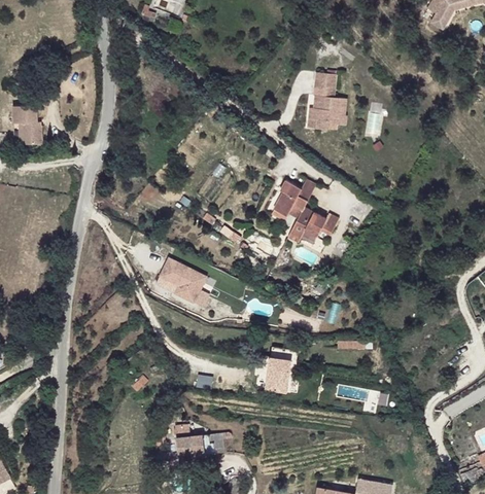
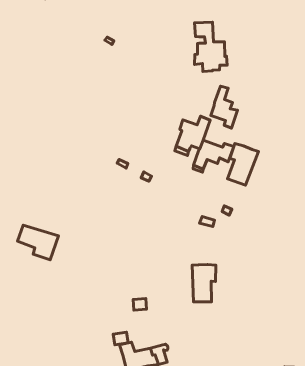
building: none -> [211,86,237,128]
building: none -> [227,143,259,185]
building: [159,259,206,304] -> [18,225,58,260]

